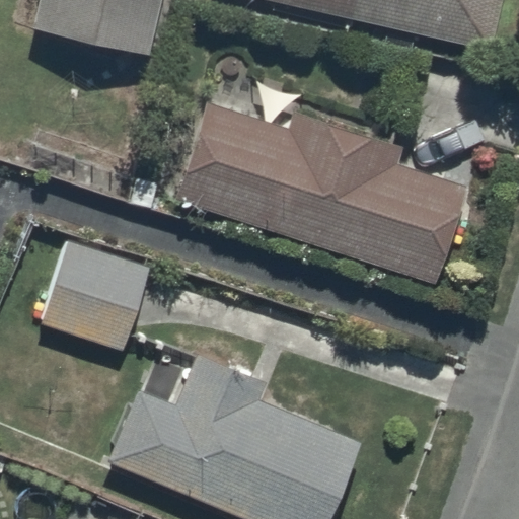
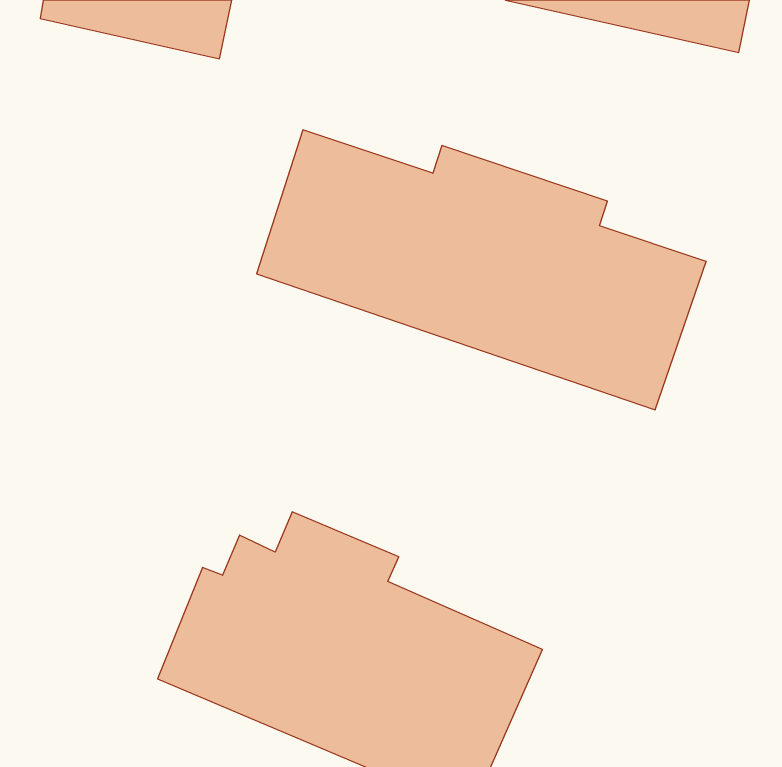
building: [38,242,150,358] -> none

